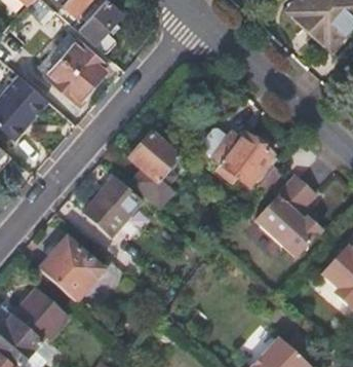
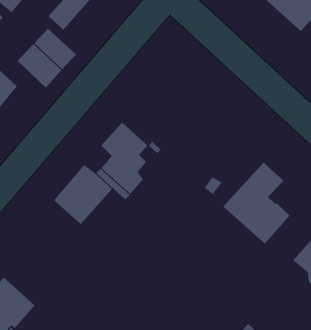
building: [204,127,273,188] -> none
building: [39,238,103,302] -> none

